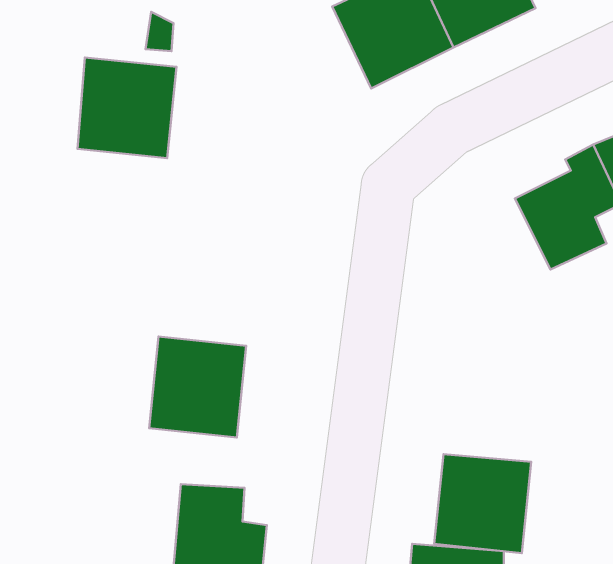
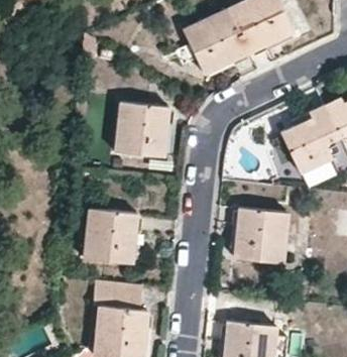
building: [77,57,176,158] -> [116,103,169,157]
building: [434,454,531,553] -> [235,209,287,262]

